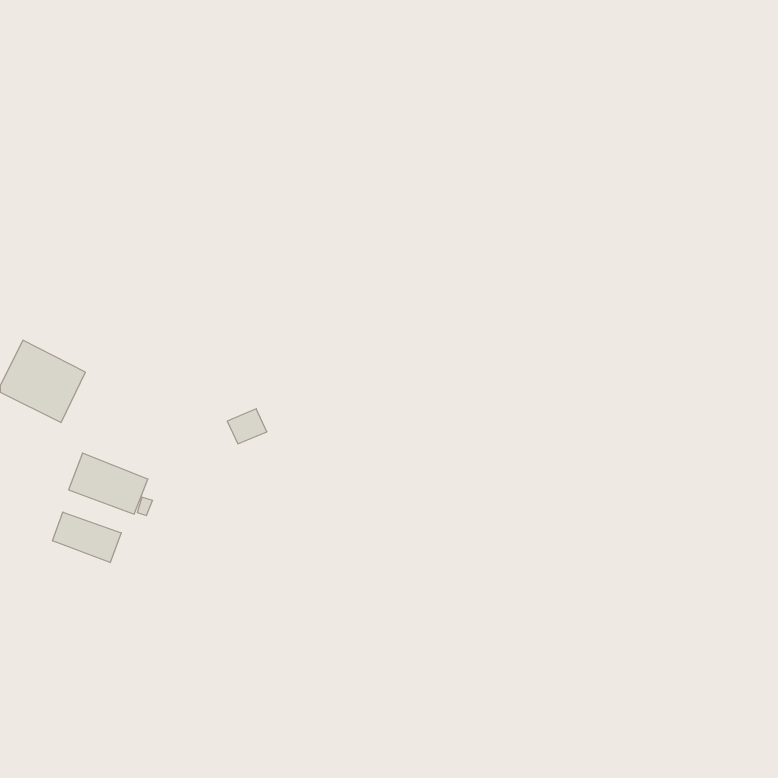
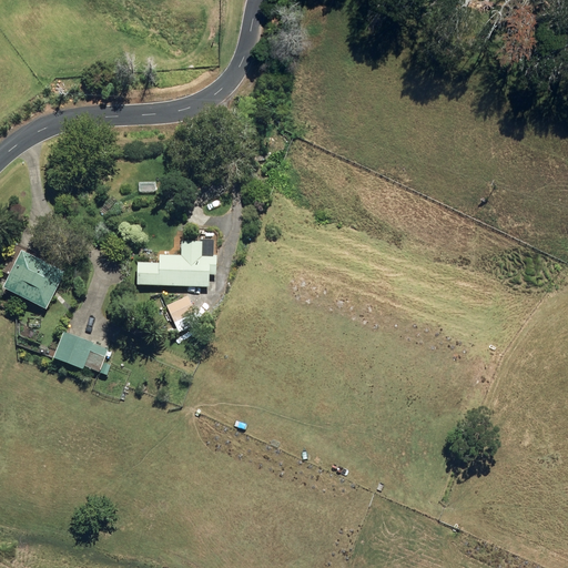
building: none -> [136,243,216,287]
building: [53,512,121,563] -> none

